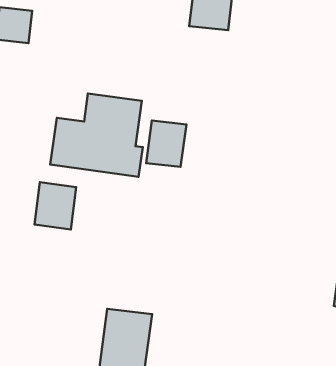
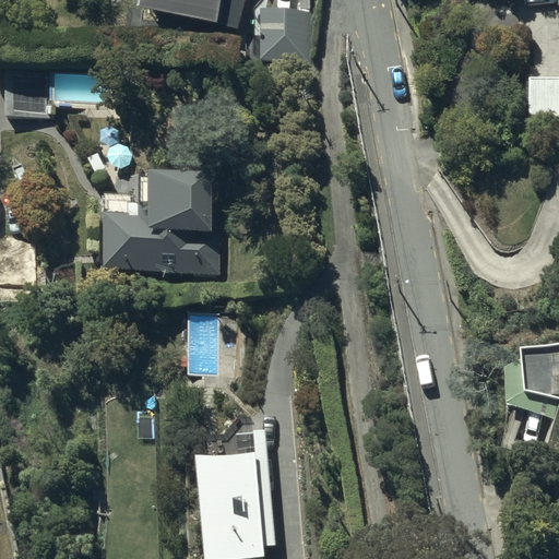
building: [146,120,187,167] -> none
building: [34,182,76,230] -> none

